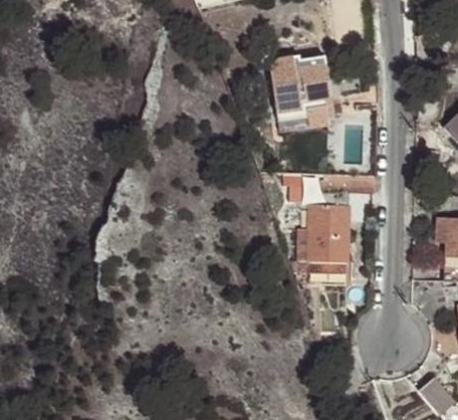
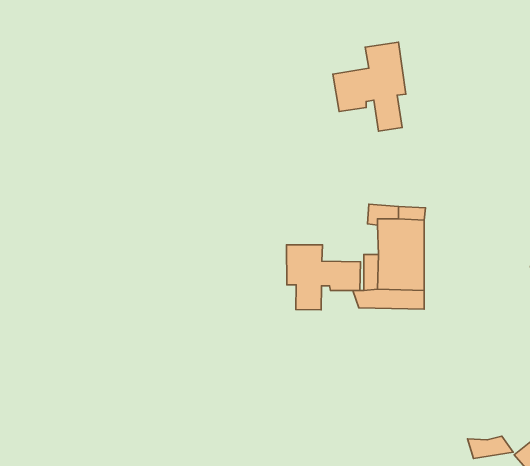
building: none -> [287,245,361,310]

